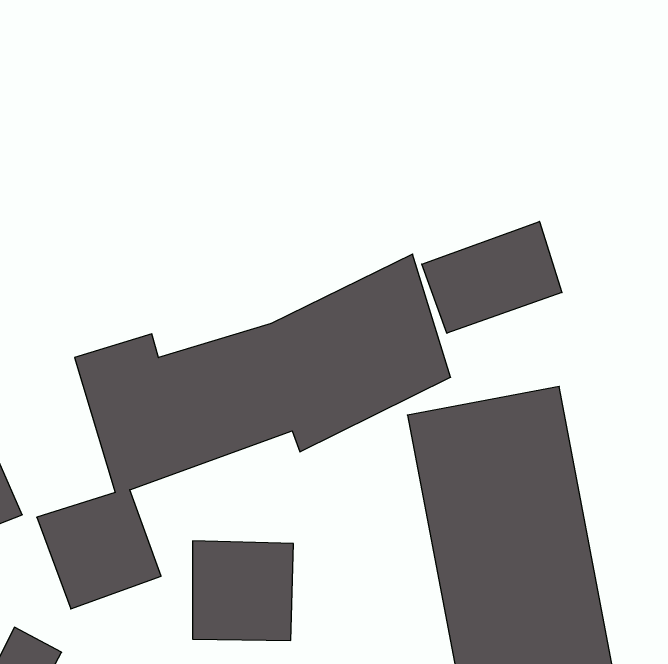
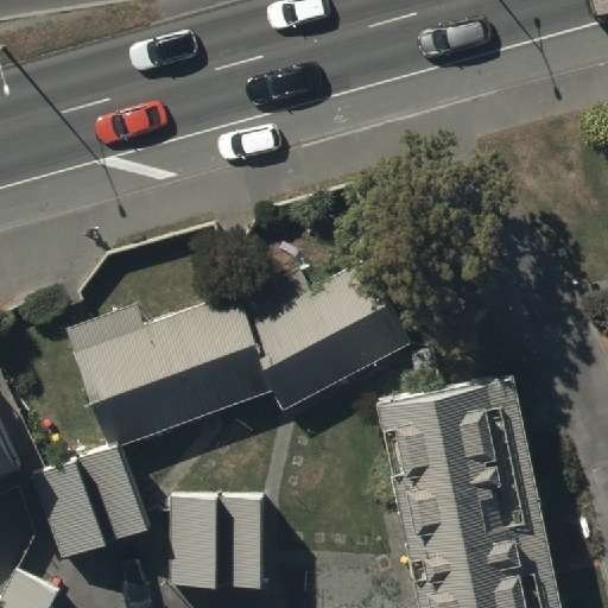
building: [422,221,562,333] -> none

